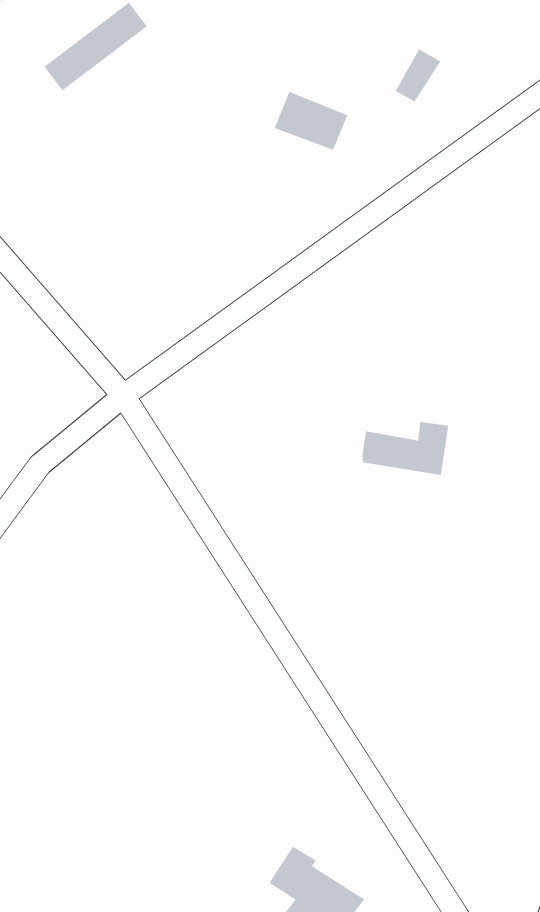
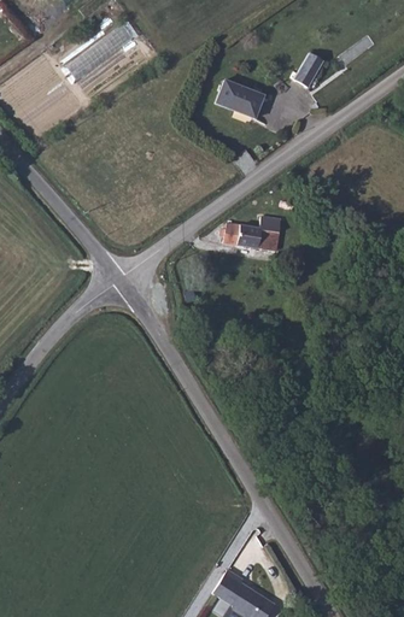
building: [362,422,449,476] -> [224,216,281,251]

